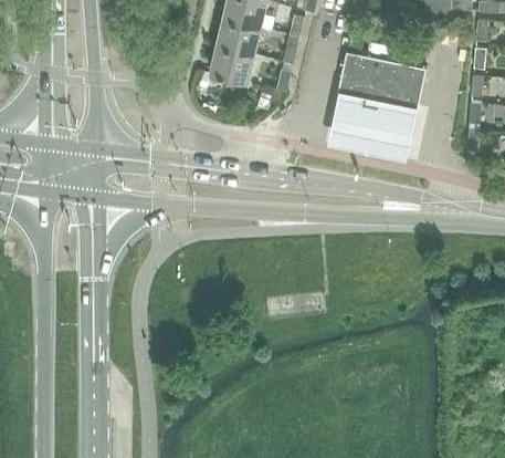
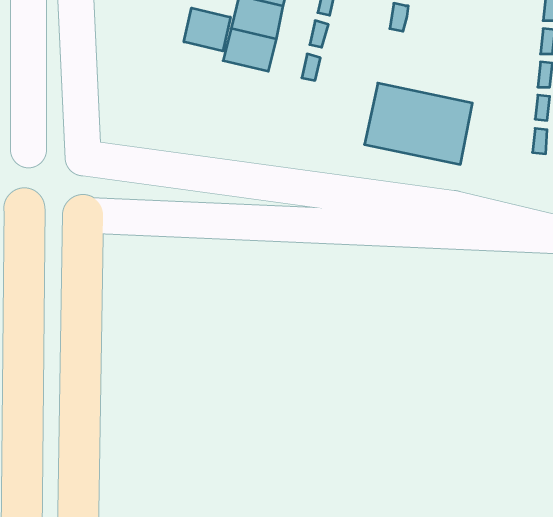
building: none -> [184,8,230,51]
building: [338,43,425,111] -> none

